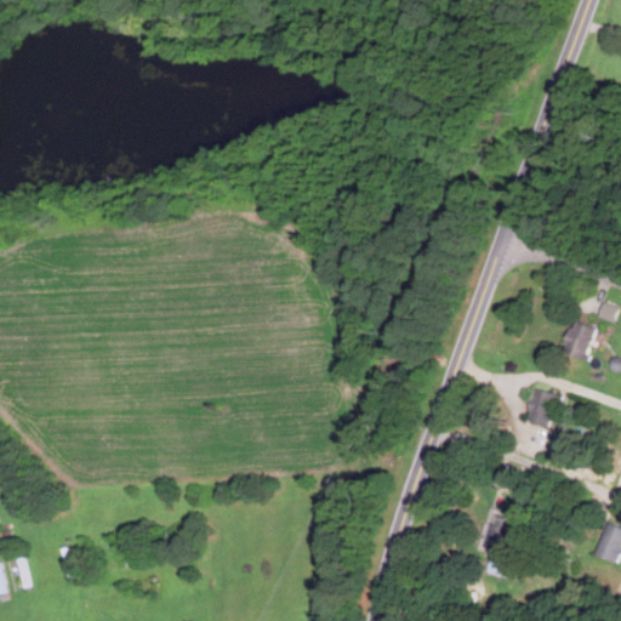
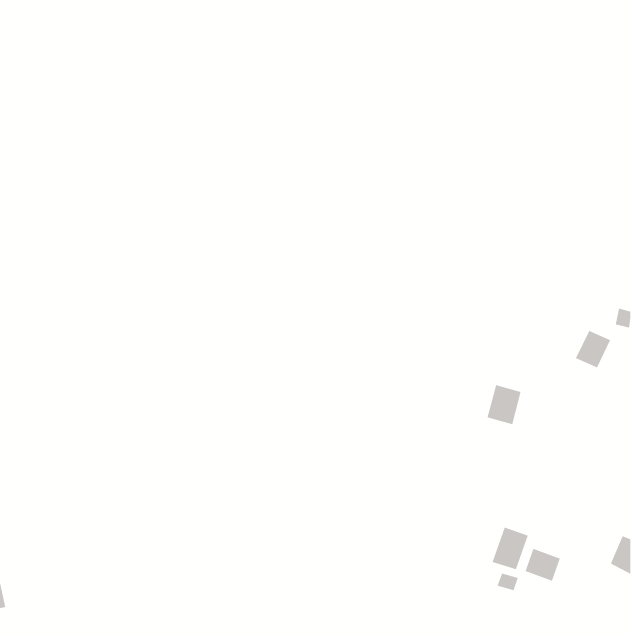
building: [524,387,558,427] -> [487,384,521,425]
building: none -> [525,548,561,582]

